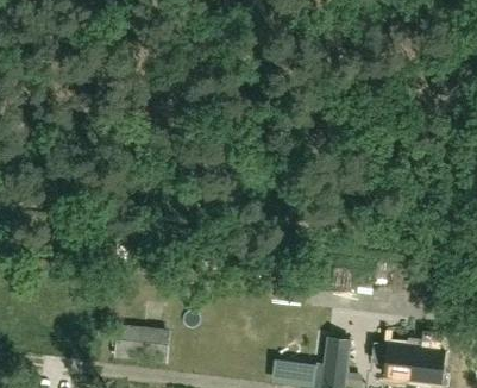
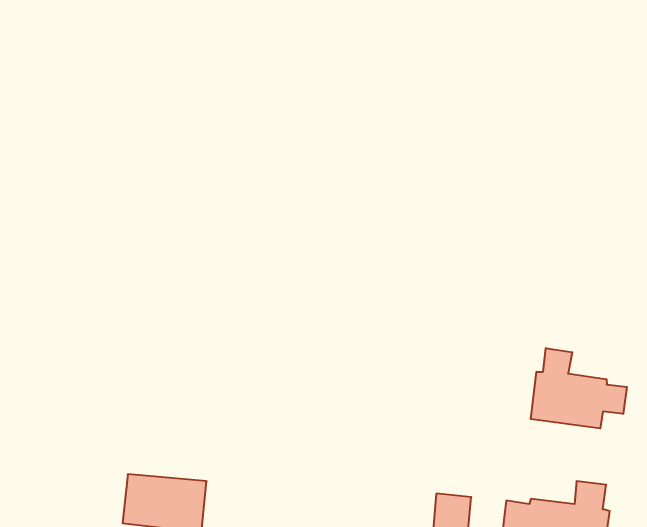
building: none -> [531,348,627,428]

